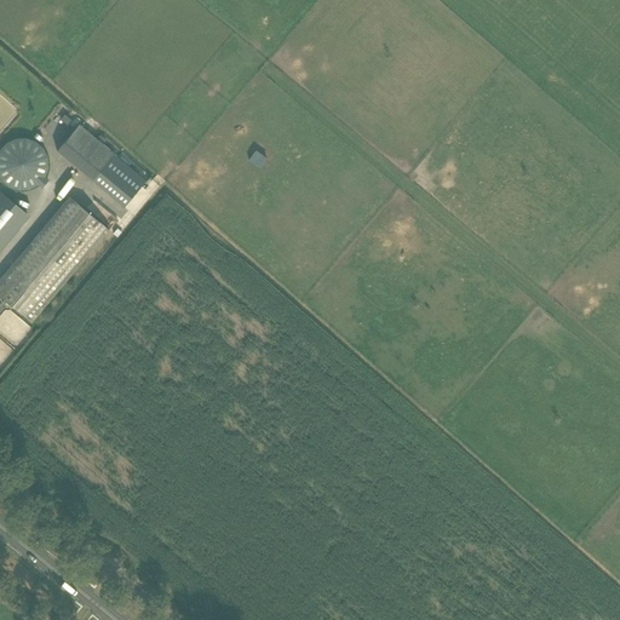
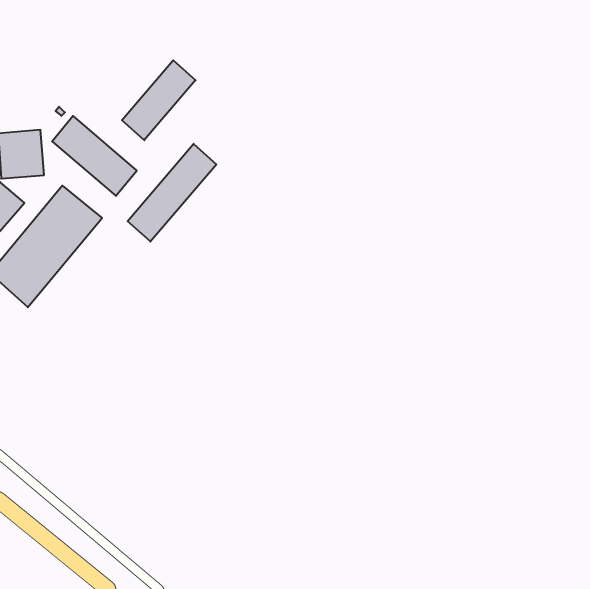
building: none -> [122,60,196,140]
building: none -> [128,144,216,242]

